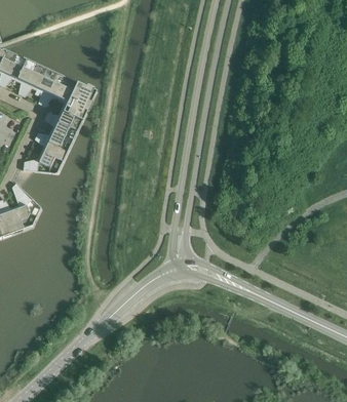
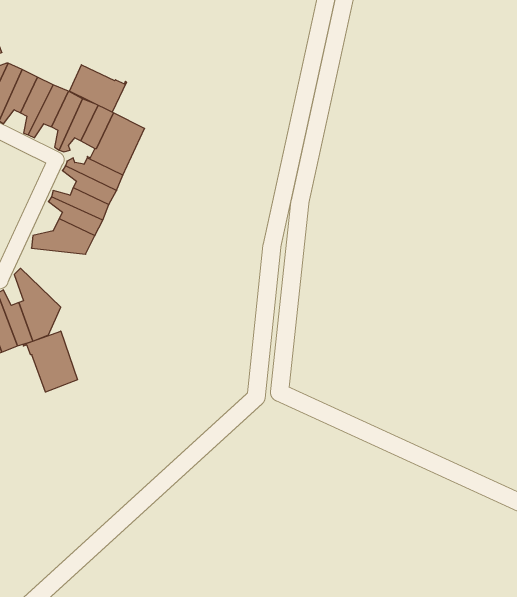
building: none -> [69,65,127,112]
building: none -> [23,331,78,392]

